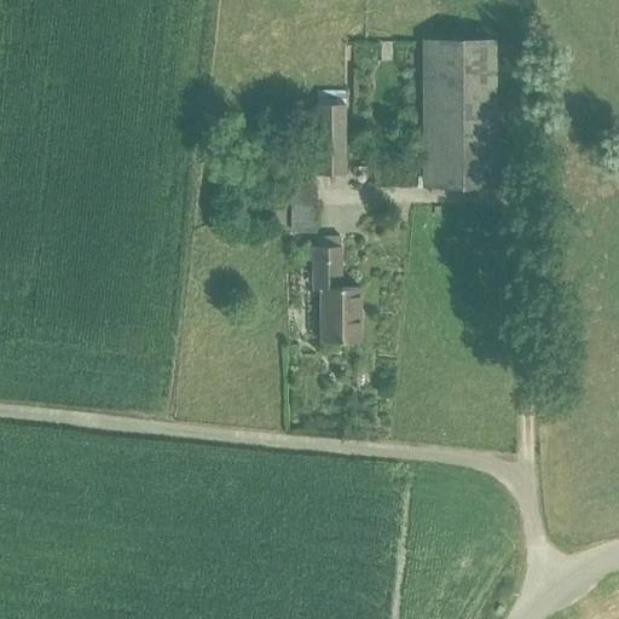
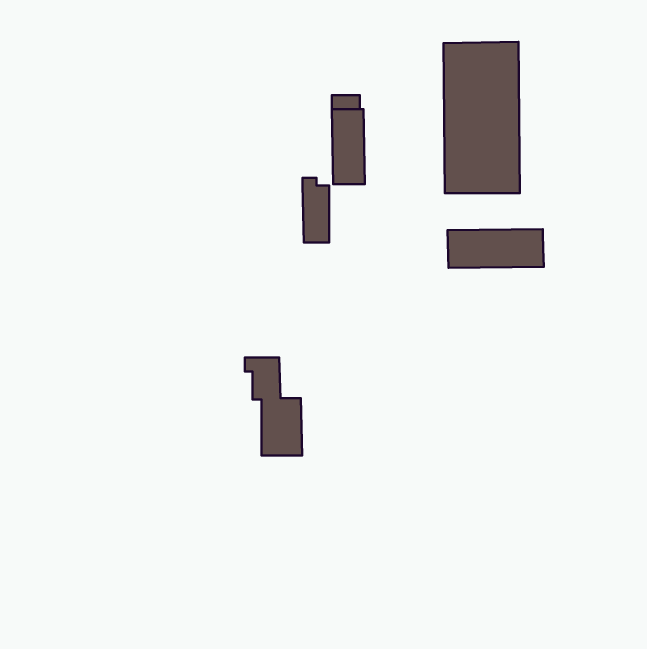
building: none -> [448,229,544,268]
building: [307,249,361,342] -> [245,358,302,455]

